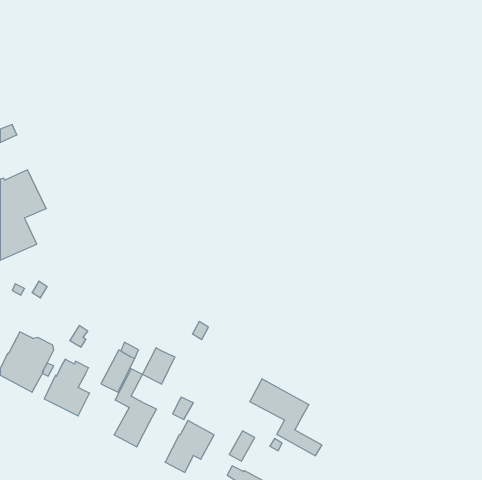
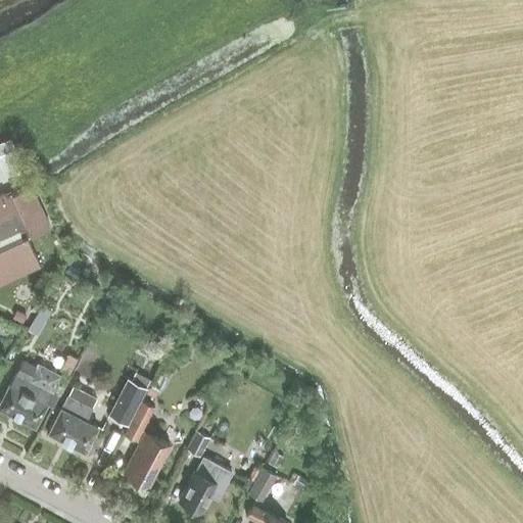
building: [142,348,175,384] -> none
building: [250,379,322,456] -> none

